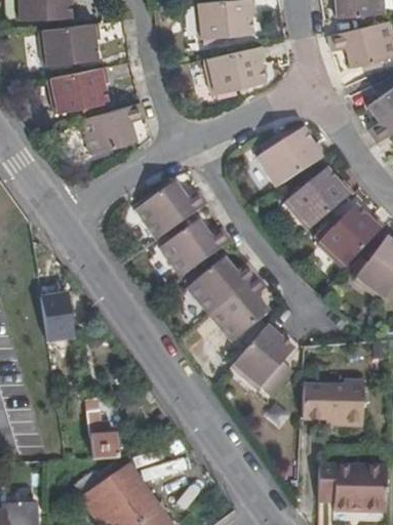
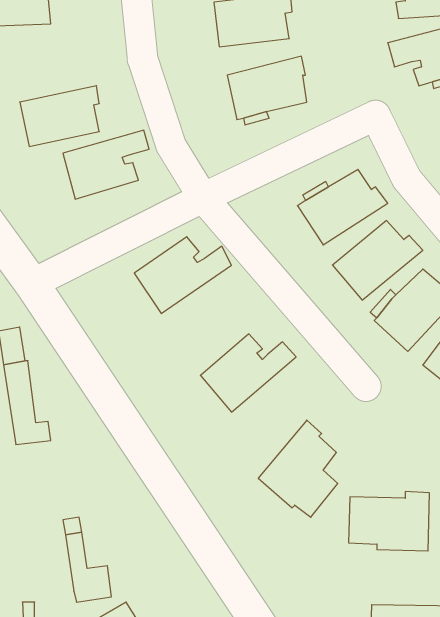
building: [41,25,102,68] -> none
building: [159,219,233,278] -> none
building: [210,274,269,341] -> none

